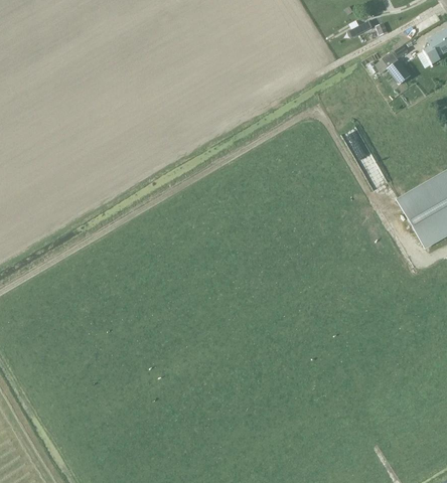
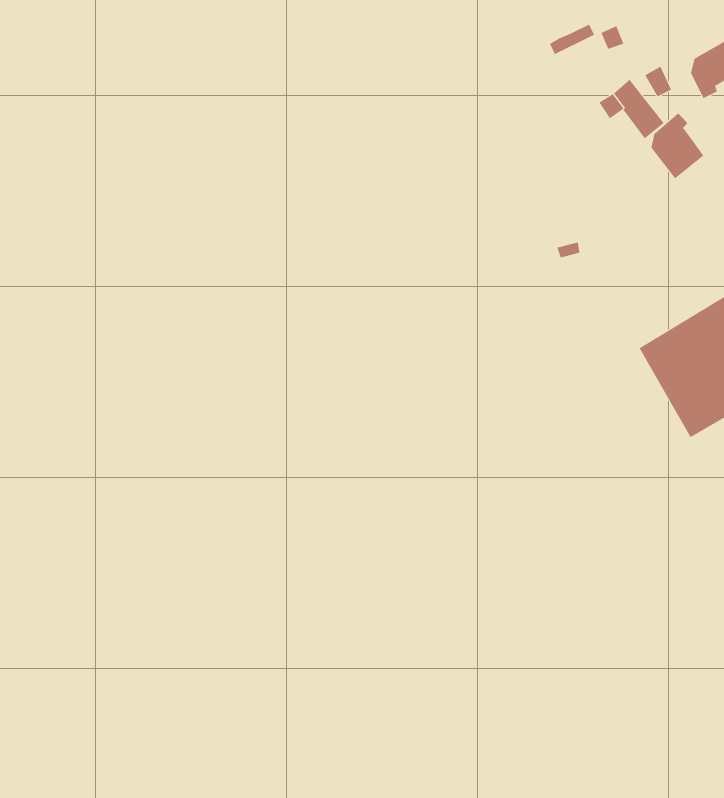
building: none -> [651,112,704,179]

